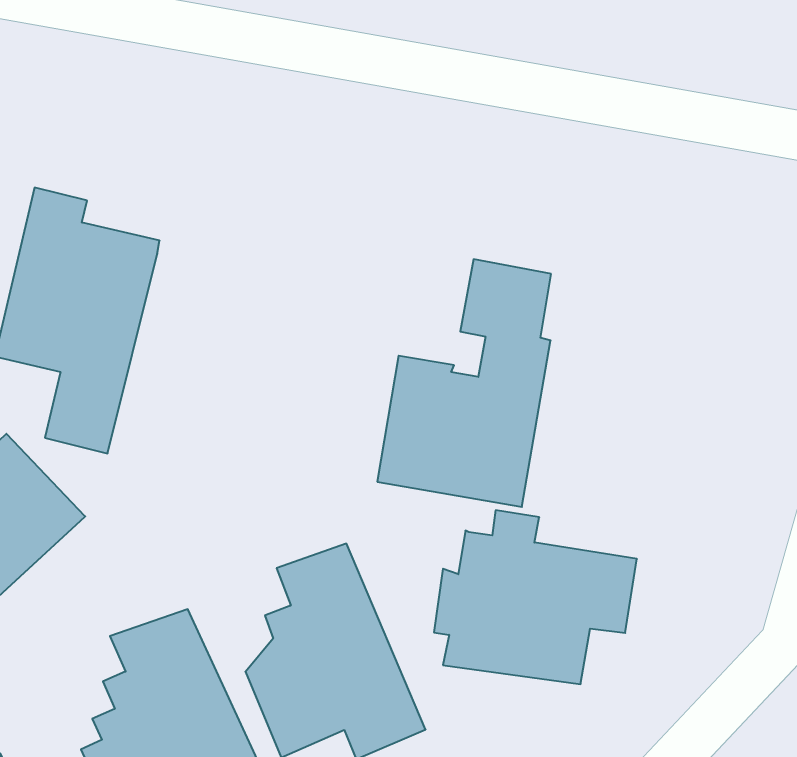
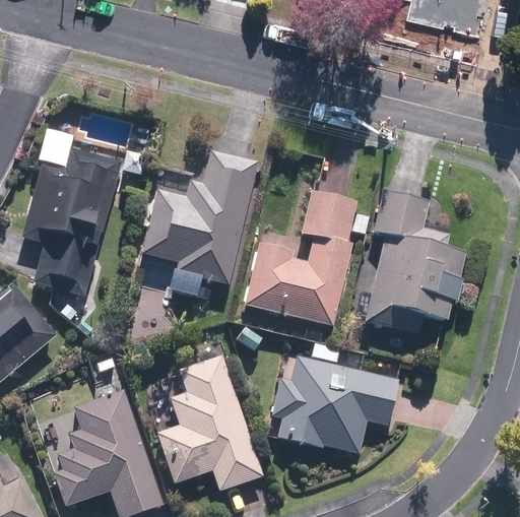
building: none -> [140,150,258,283]
building: none -> [354,190,469,330]

